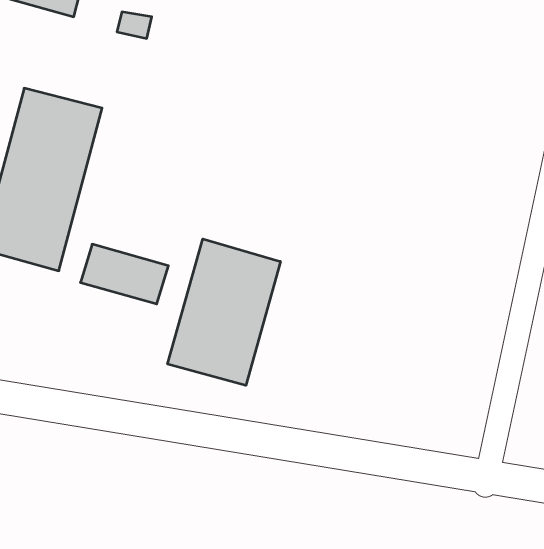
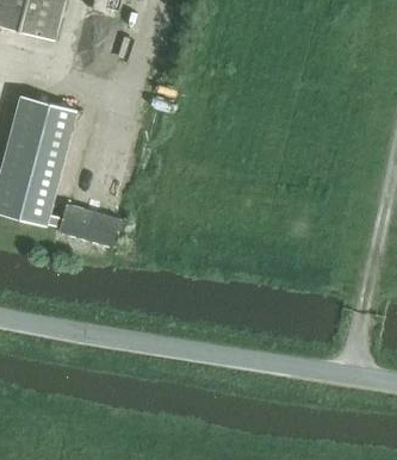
building: [168,239,280,385] -> none

